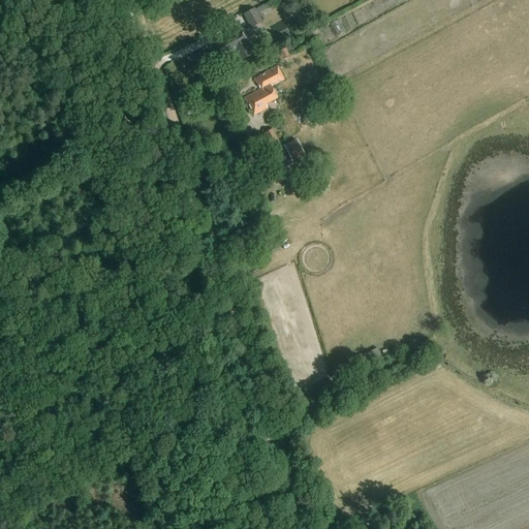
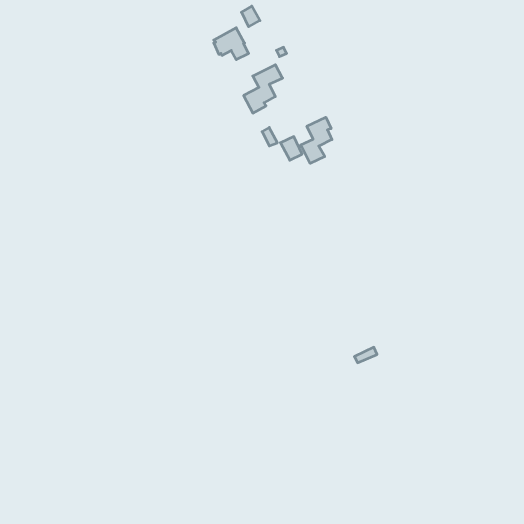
building: none -> [301,117,332,163]

